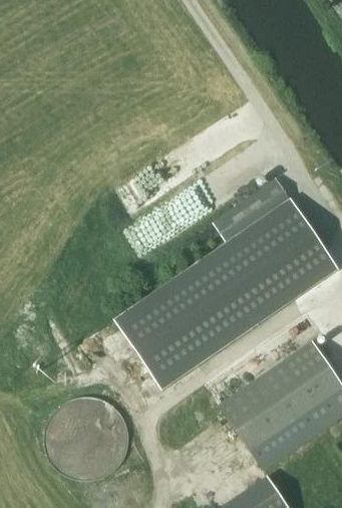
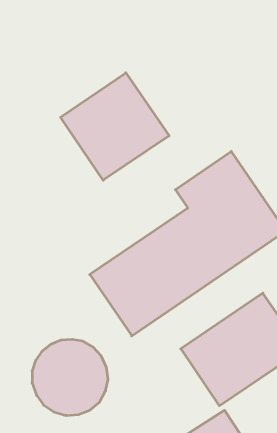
building: none -> [61,73,169,180]

